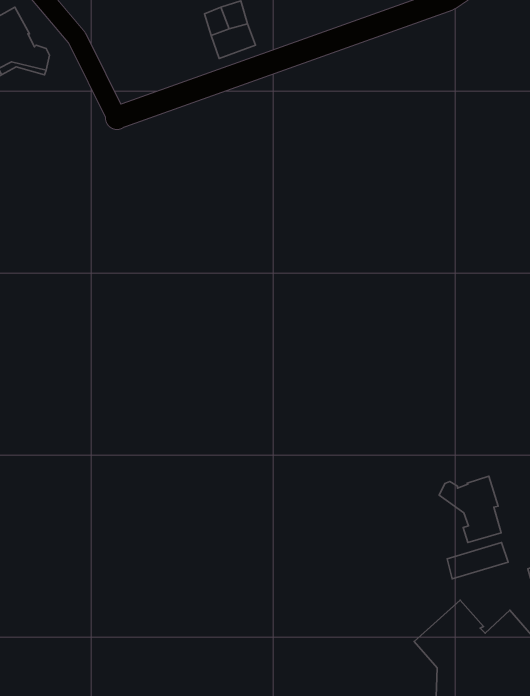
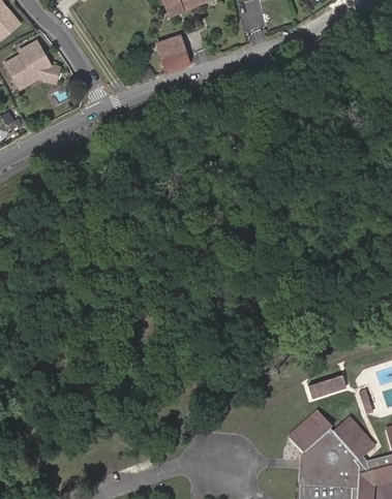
building: [439,476,501,543] -> none

